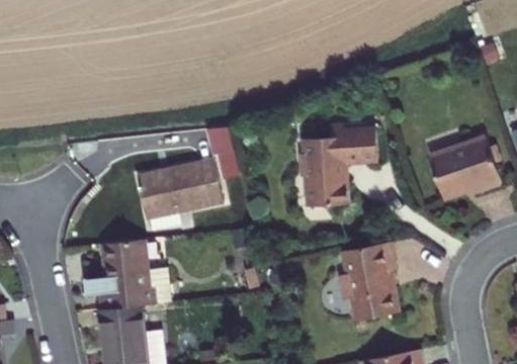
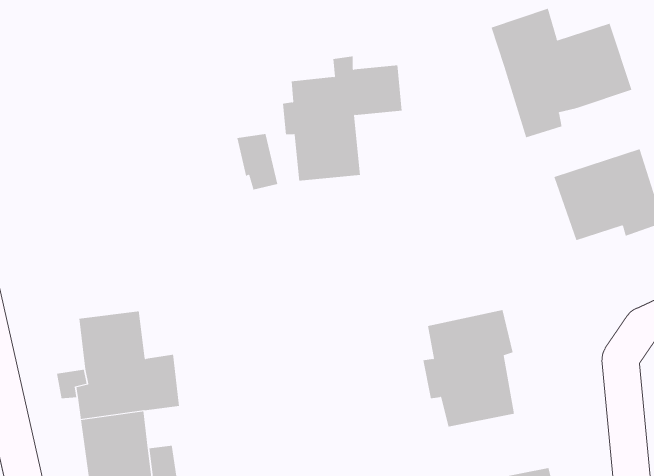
building: none -> [491,8,632,138]
building: [297,125,379,210] -> [282,56,403,181]
building: [139,156,225,233] -> none

